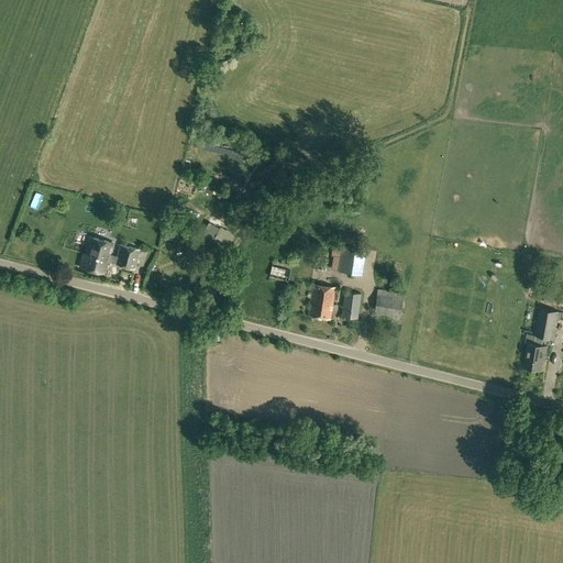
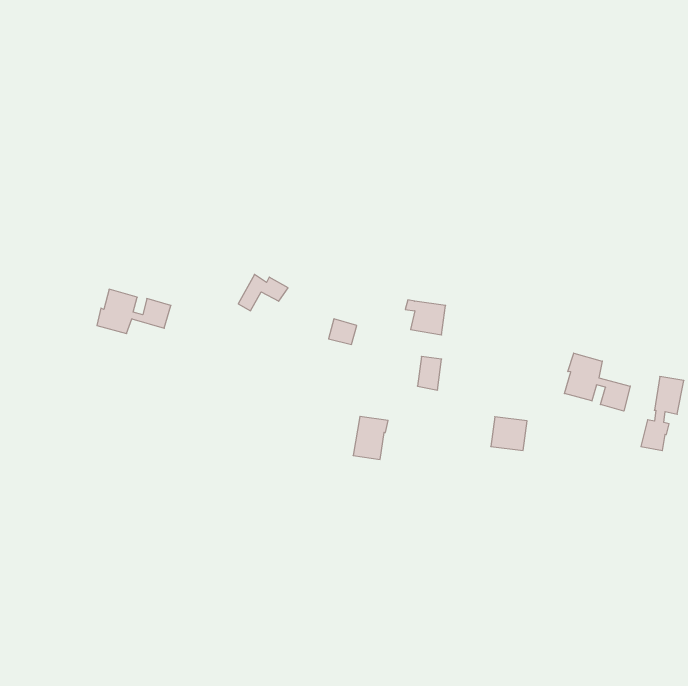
building: [308,285,336,320] -> [353,416,388,459]
building: none -> [564,353,630,411]
building: [374,290,404,318] -> [491,417,527,450]

